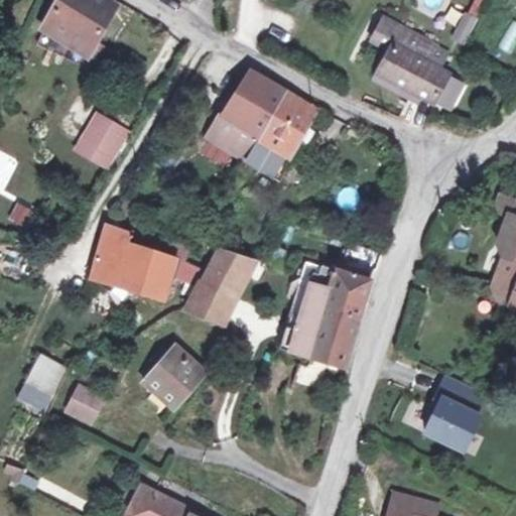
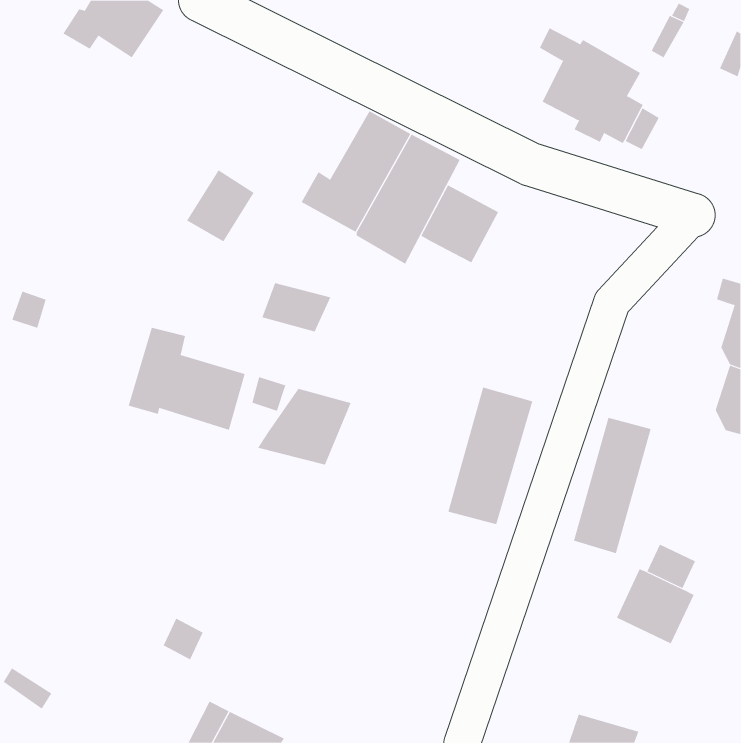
building: [75,116,122,166] -> [186,169,254,242]
building: none -> [420,185,499,263]
building: [207,245,255,279] -> [261,283,331,332]
building: [280,260,335,355] -> [573,417,651,554]
building: [142,345,204,407] -> none
building: [15,354,66,413] -> none
building: [63,394,101,430] -> none

